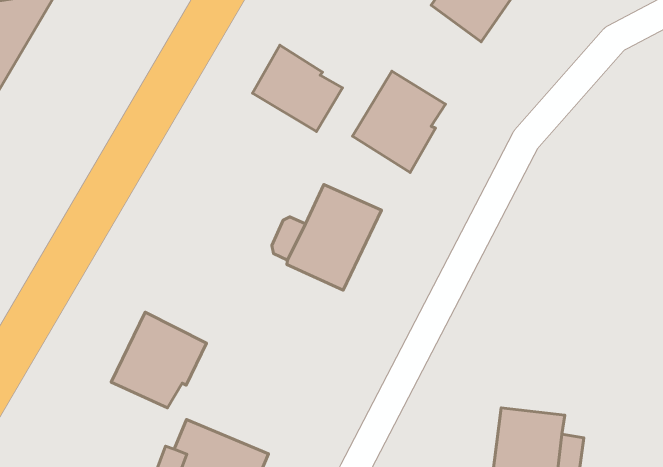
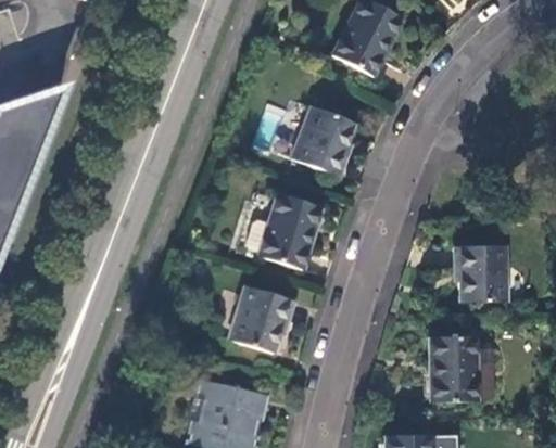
building: [253,45,342,132] -> none
building: none -> [455,244,508,300]
building: [111,312,207,408] -> [228,286,292,353]

